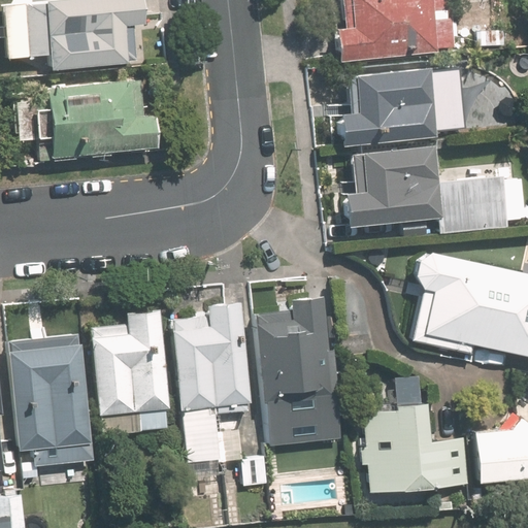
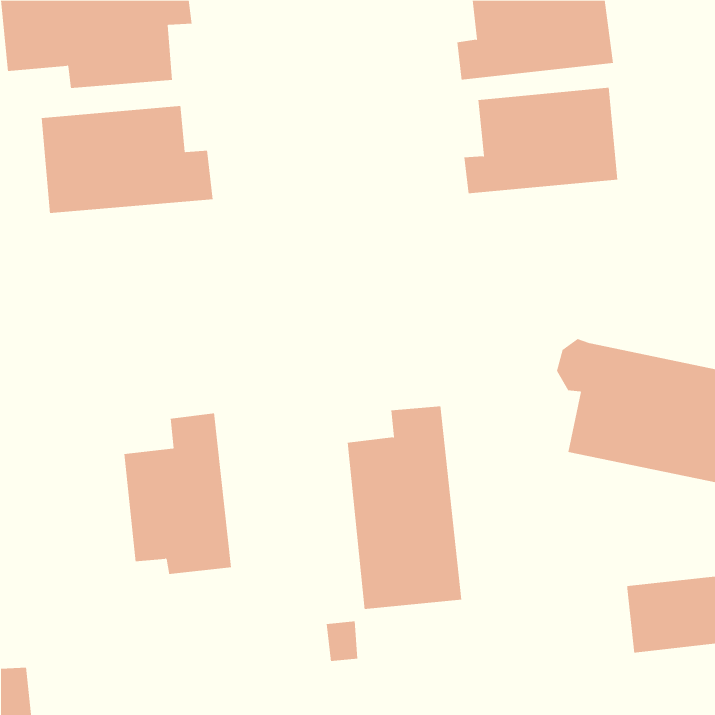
building: [344,145,505,233] -> none
building: [171,306,251,463] -> none
building: [9,340,93,460] -> none
building: [362,374,467,492] -> none

